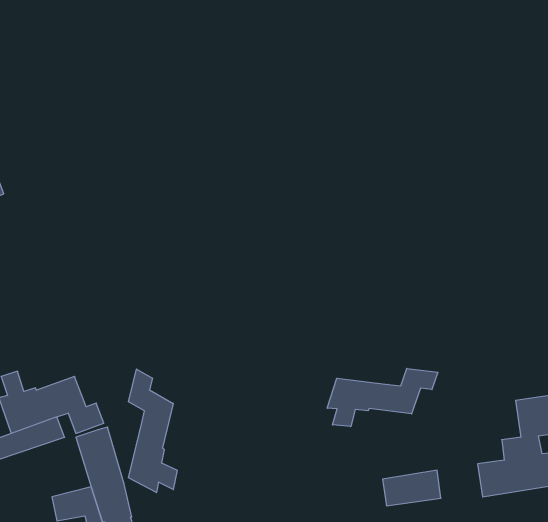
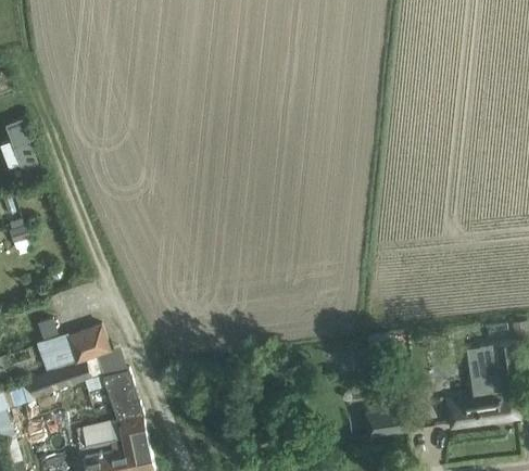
building: [327,368,438,427] -> none
building: [129,369,177,493] -> none

